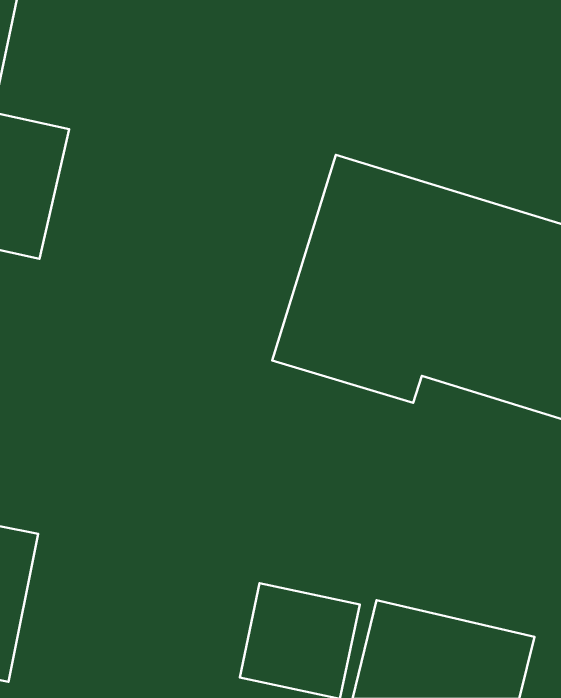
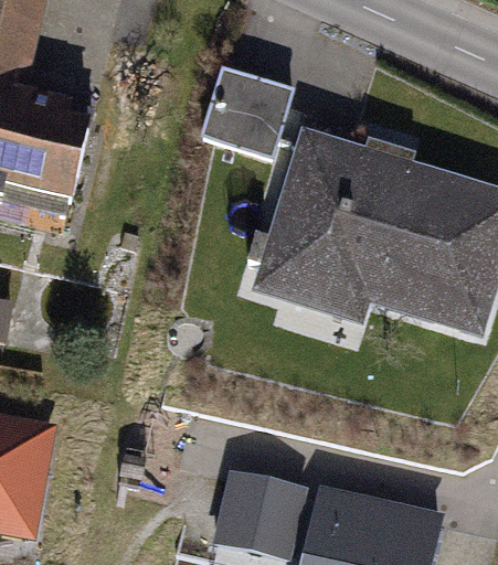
building: none -> [199,74,293,161]

